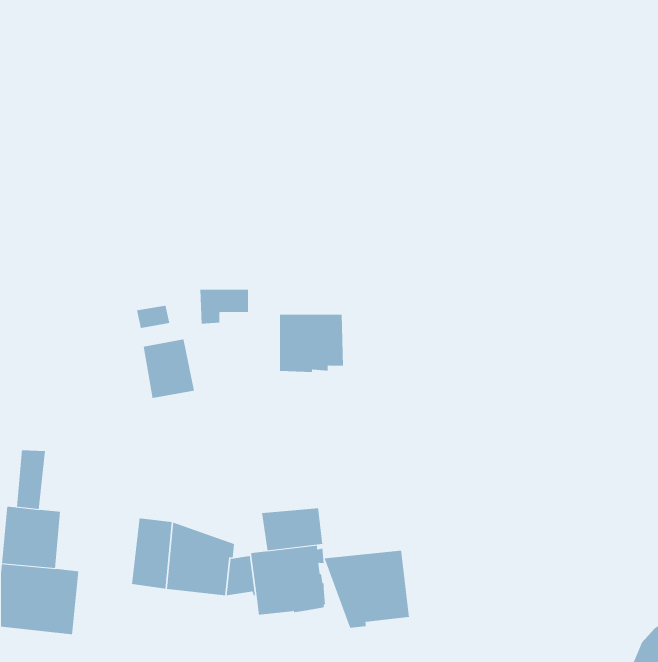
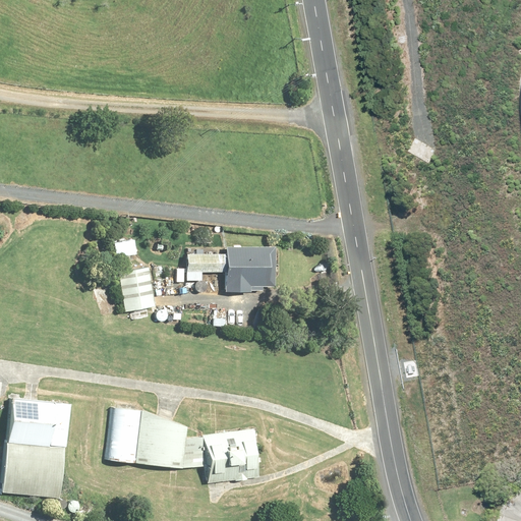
building: [199,289,249,324] -> [184,254,223,282]
building: [16,450,46,509] -> [48,402,71,449]
building: [262,507,323,551] -> none
building: [324,550,409,628] -> none

